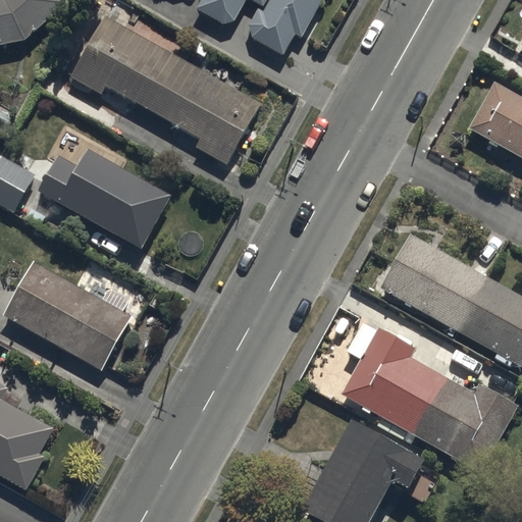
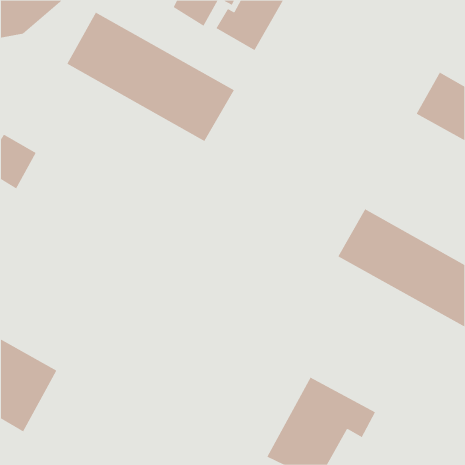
building: [41,149,162,248] -> none
building: [7,262,135,370] -> none
building: [341,328,516,473] -> none

